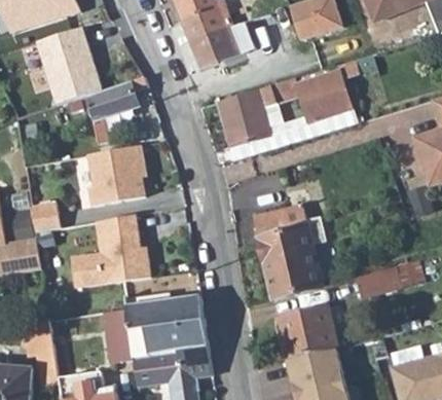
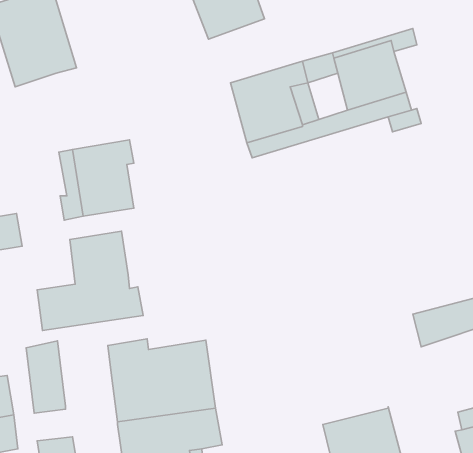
building: [85,77,147,142] -> none
building: [251,204,324,298] -> none
building: [277,306,337,357] -> none
building: [102,308,132,363] -> [26,341,66,413]

